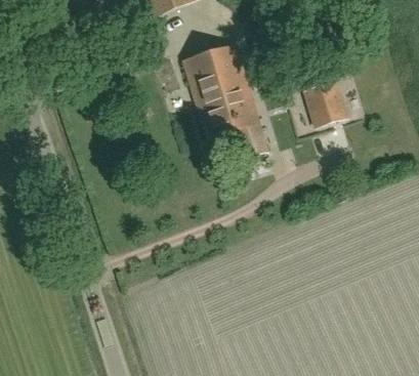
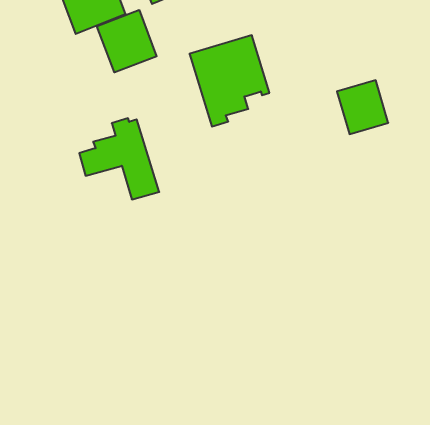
building: none -> [97,10,157,72]
building: [202,89,267,156] -> [79,118,159,199]

